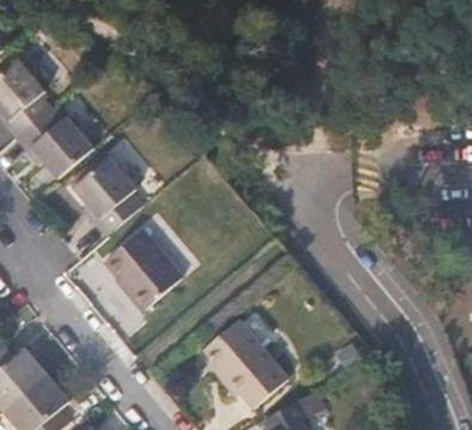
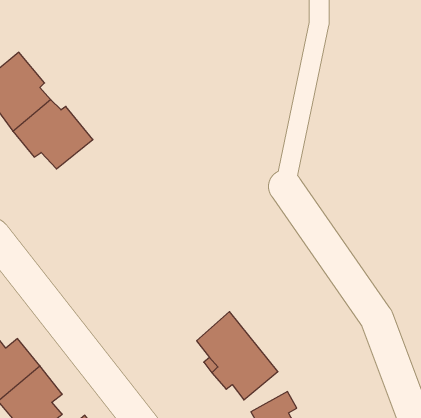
building: [76,153,145,234] -> none
building: [102,229,182,309] -> none

